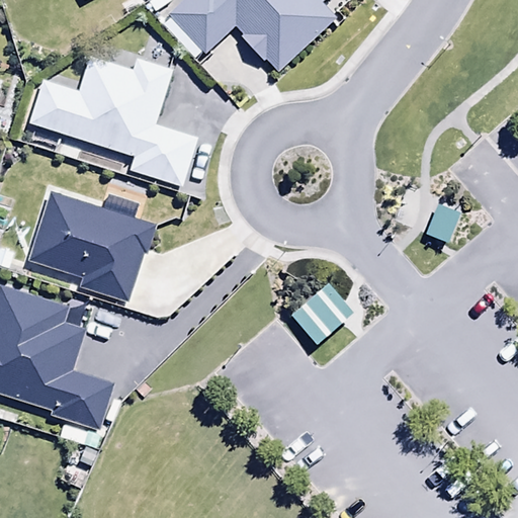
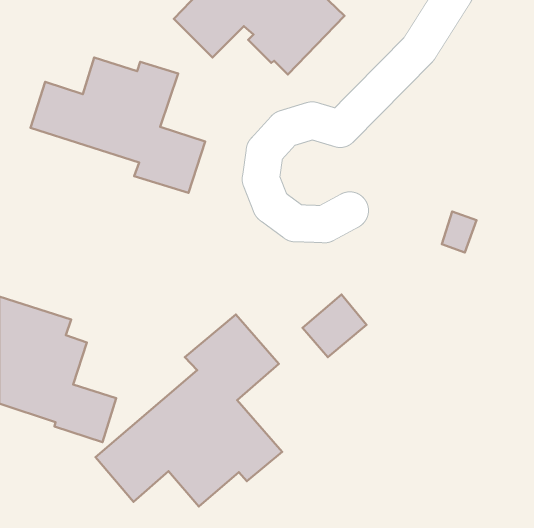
building: [27,190,155,298] -> none
building: none -> [95,314,282,507]

